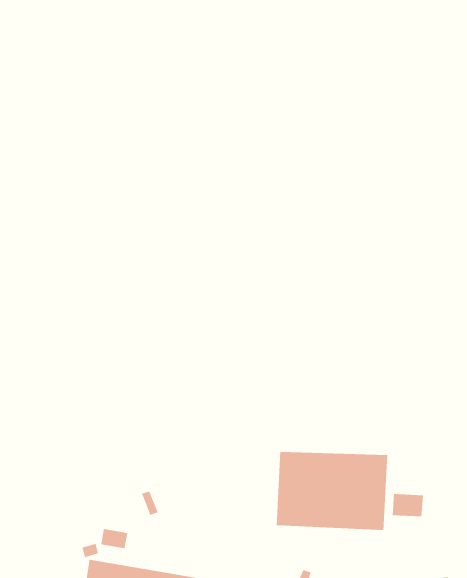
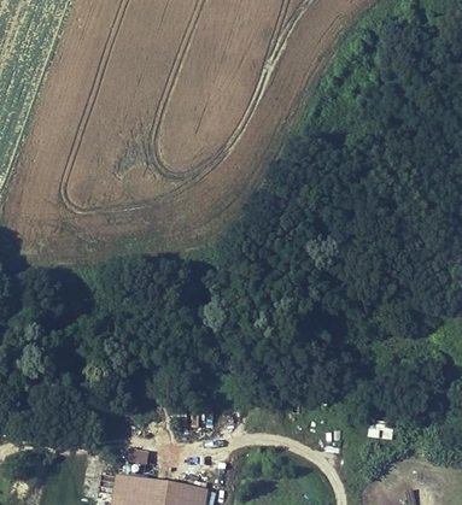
building: [276,451,388,531] -> none

